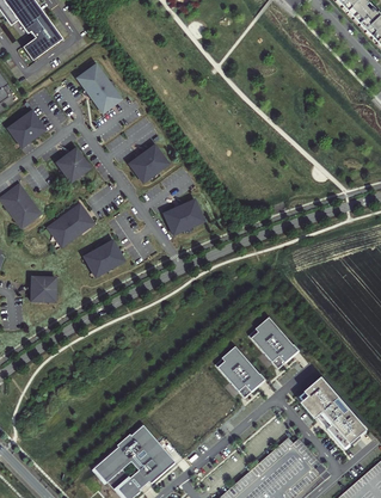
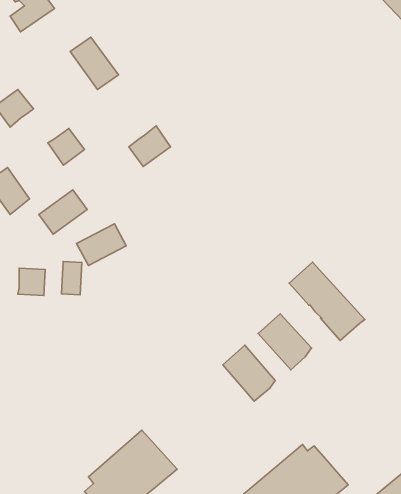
building: [162,199,202,234] -> none
building: none -> [61,262,82,295]
building: [299,379,368,450] -> [289,262,365,340]

